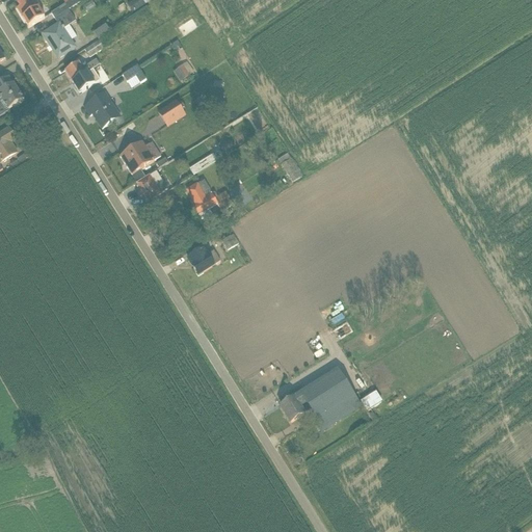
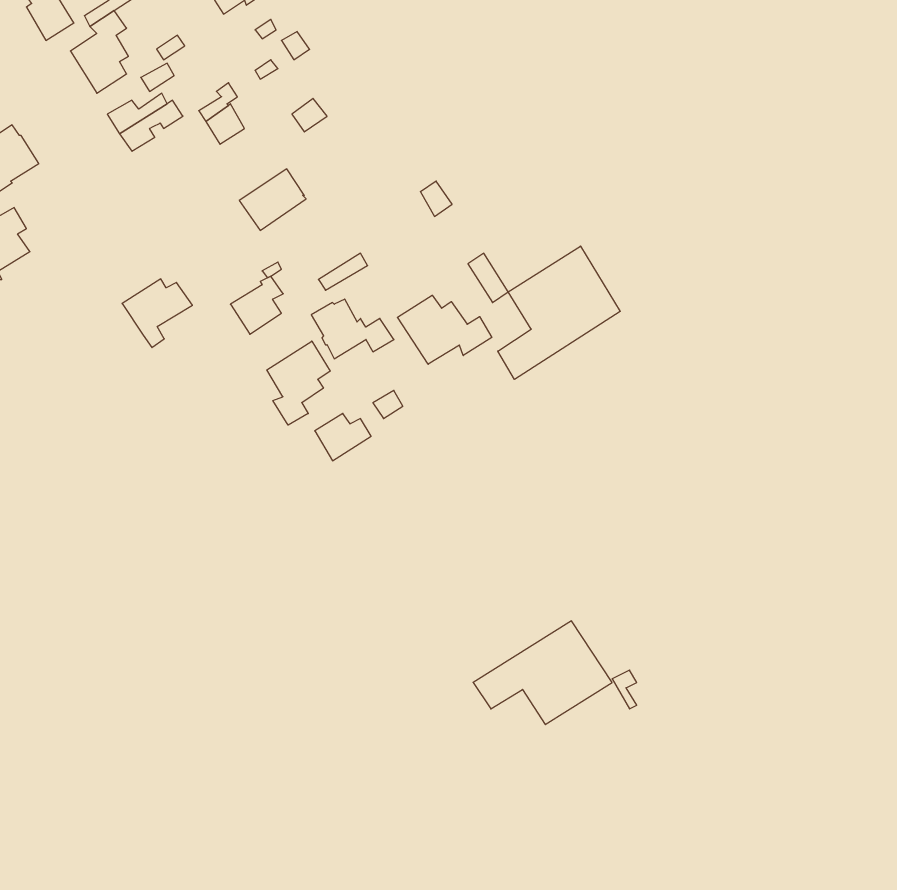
building: [83,89,119,126] -> none
building: [118,138,160,179] -> [122,279,192,348]
building: none -> [498,246,620,379]
building: none -> [397,295,492,364]
building: none -> [267,341,330,425]

